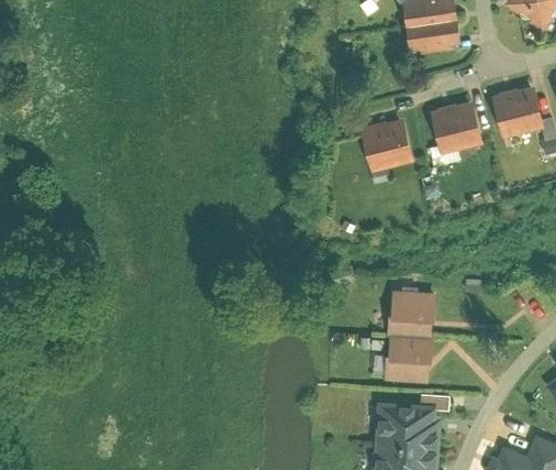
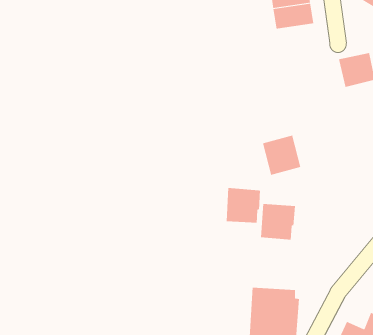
building: [430,101,480,153] -> none
building: [362,116,413,170] -> [262,135,301,175]
building: [387,332,433,380] -> [226,188,261,223]

